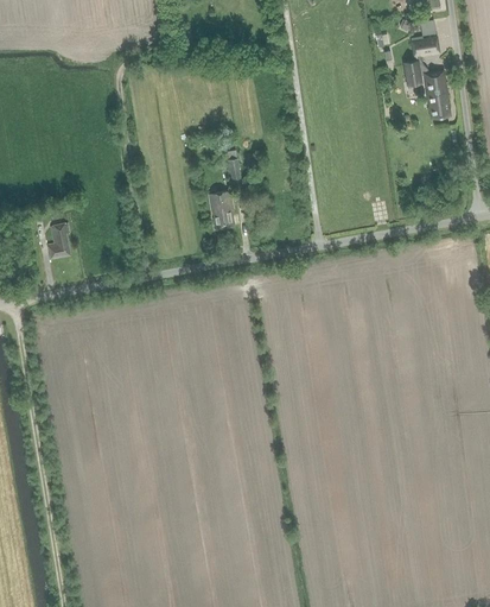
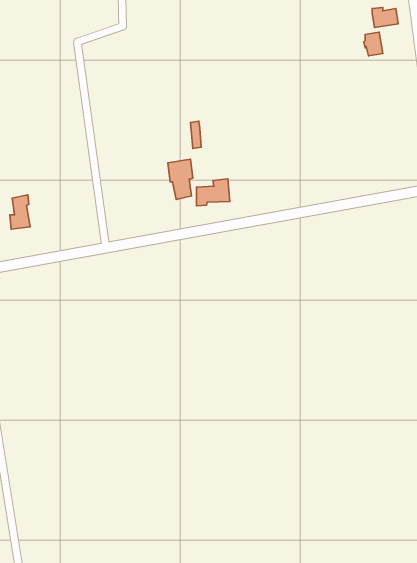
building: [424,71,447,118] -> none
building: none -> [196,179,230,206]

